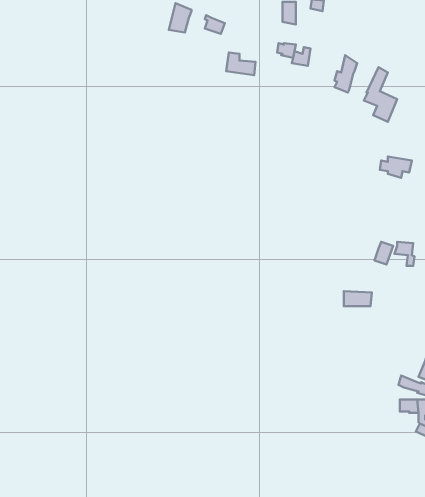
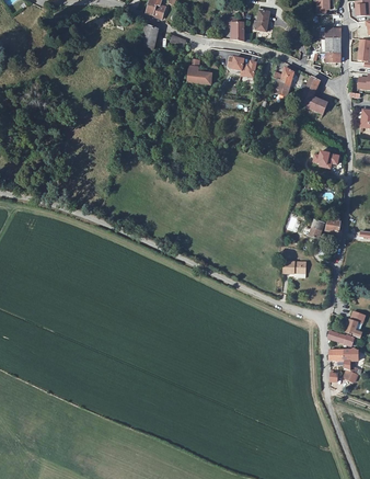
building: none -> [322,28,342,65]

